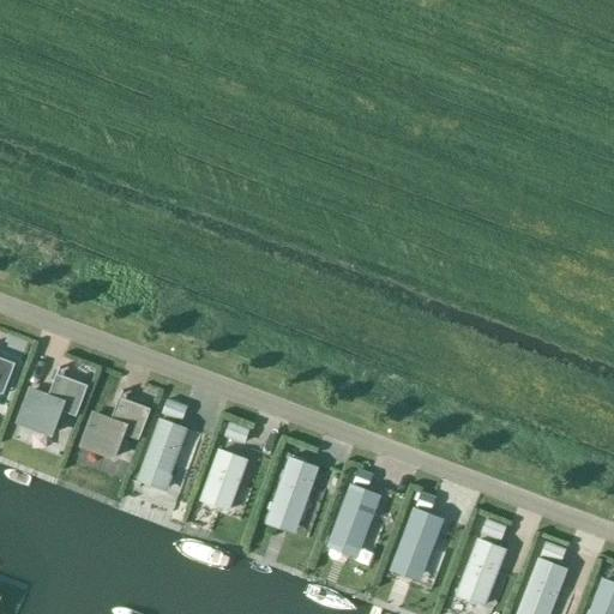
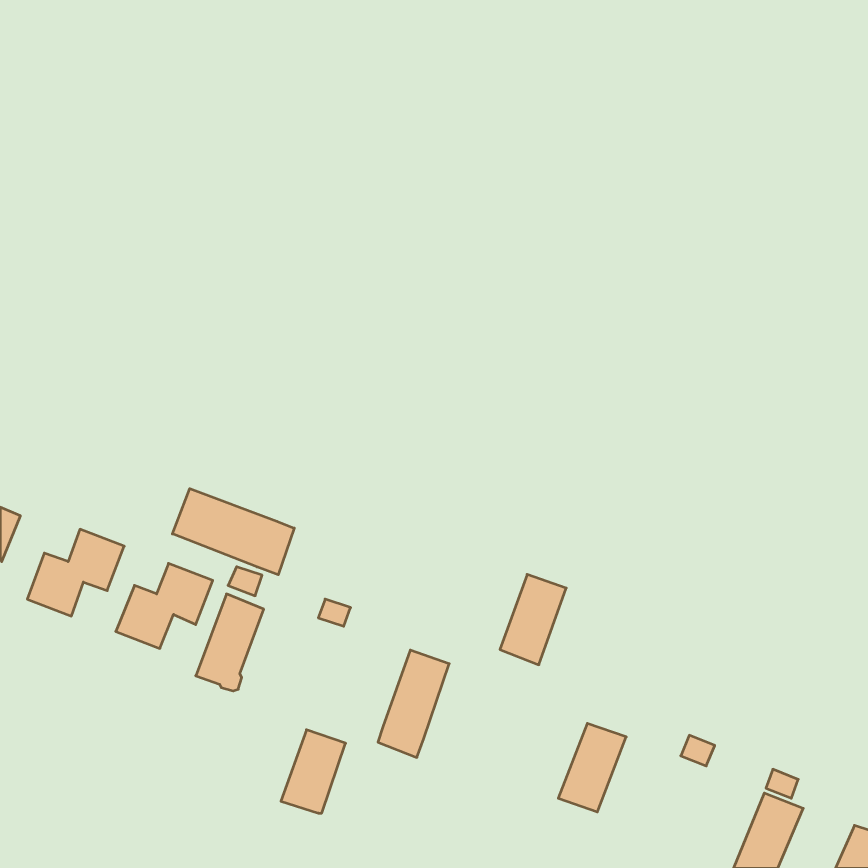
building: none -> [172,489,294,575]
building: [201,450,247,508] -> [281,730,346,813]
building: [332,486,379,549] -> [500,574,566,665]
building: [458,538,506,604] -> none

